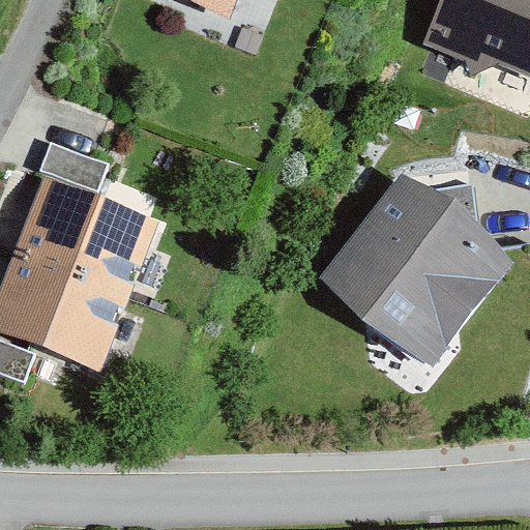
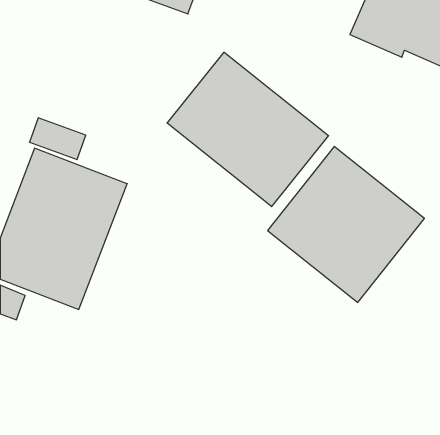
building: none -> [167,52,329,207]

